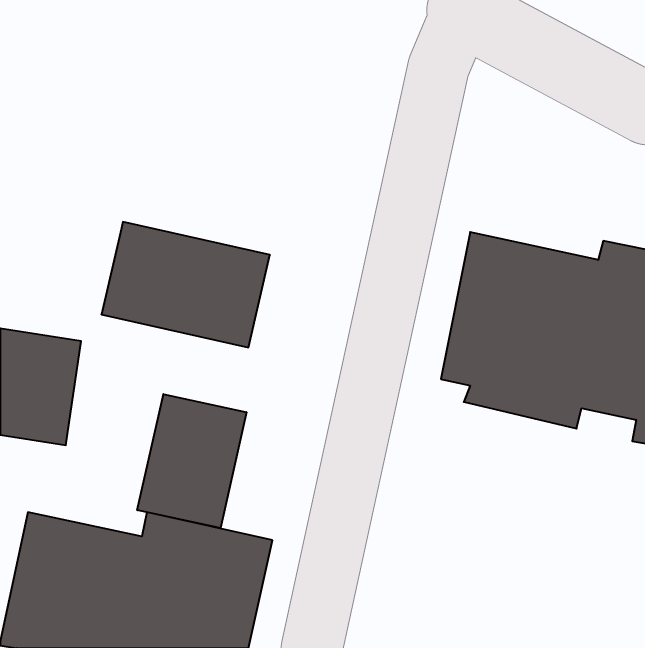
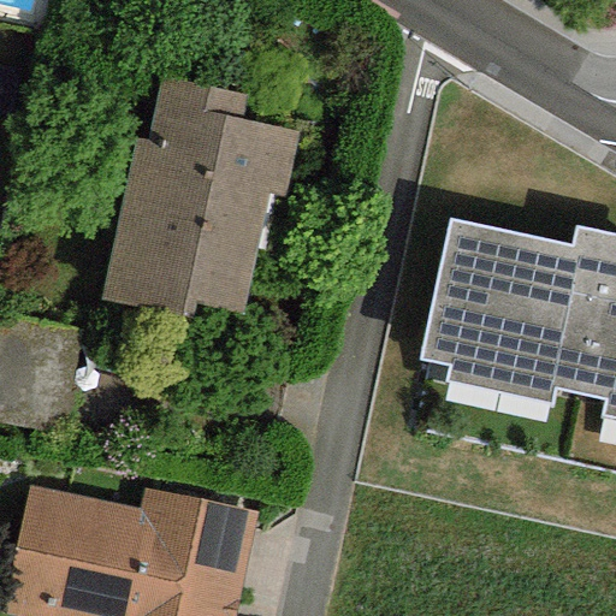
building: none -> [119,76,298,242]
building: [137,394,246,528] -> none

